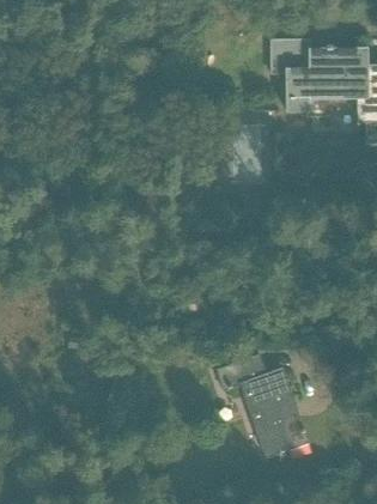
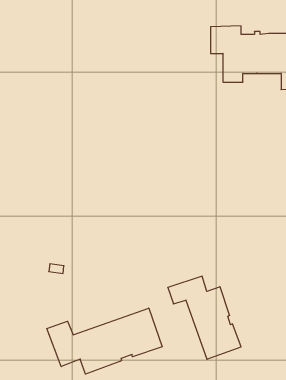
building: none -> [47,308,162,374]

